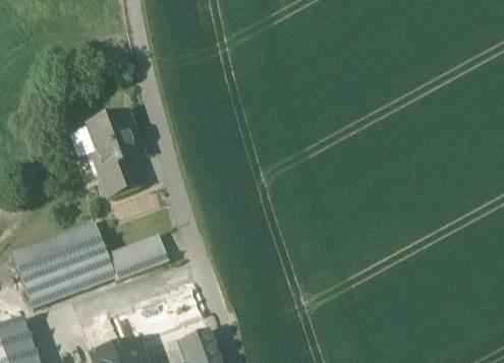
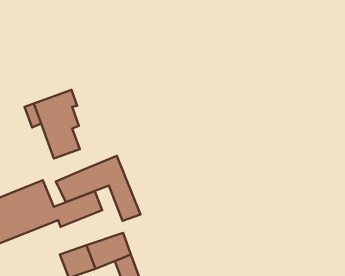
building: none -> [56,156,140,221]

